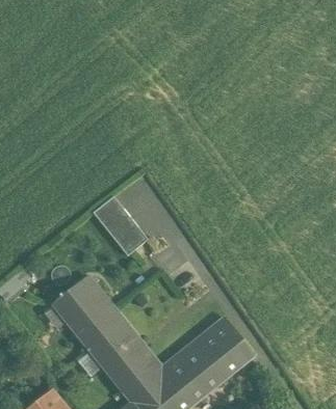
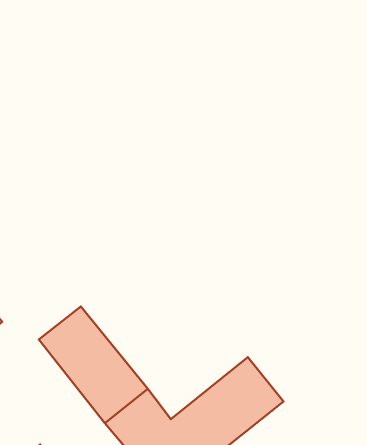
building: [93,196,148,255] -> none

